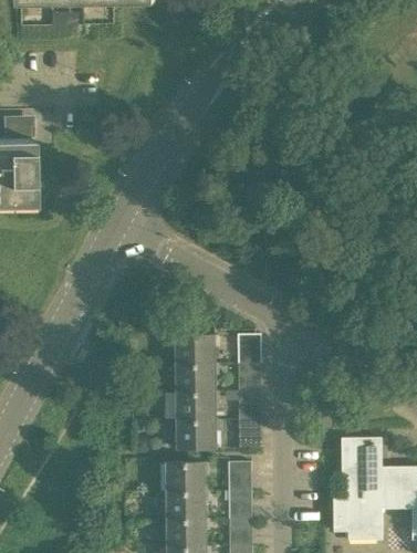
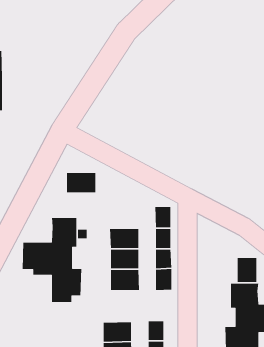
building: [176,335,217,364] -> [66,172,96,193]
building: none -> [22,217,82,303]
building: none -> [237,257,257,283]
building: [166,462,207,493] -> none
building: [228,463,251,491] -> none

